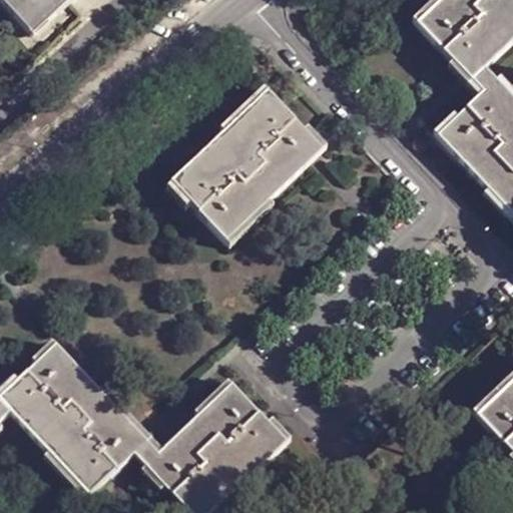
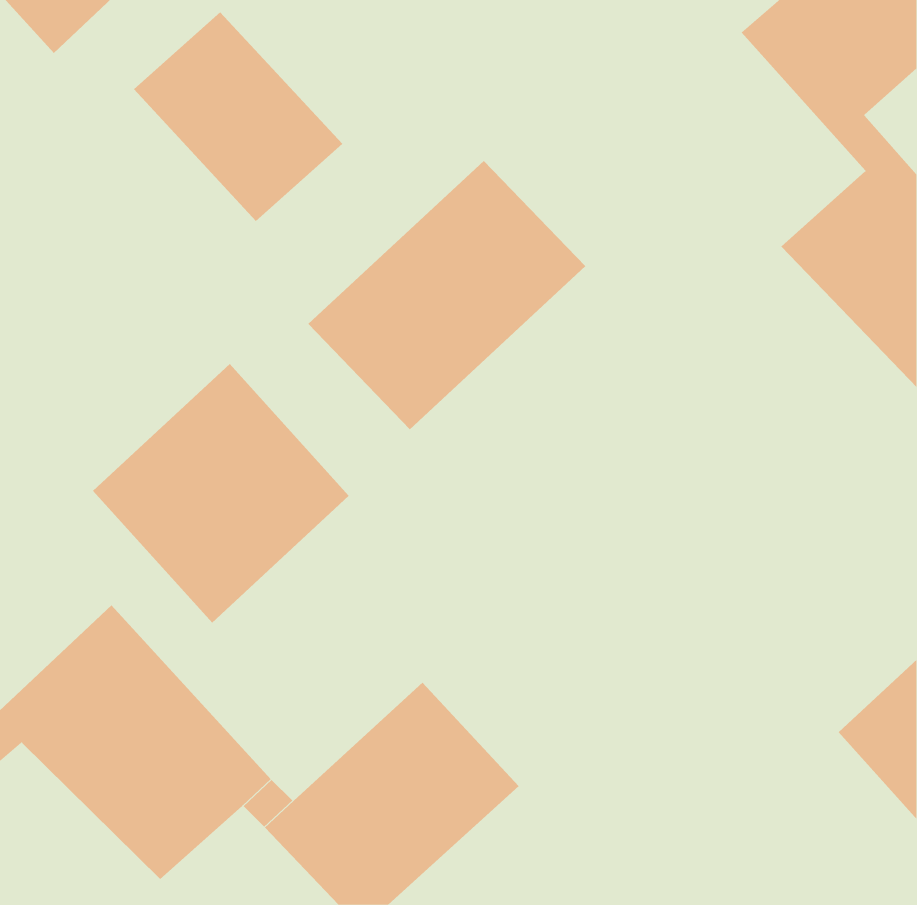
building: none -> [133,11,343,222]
building: none -> [92,363,350,623]

